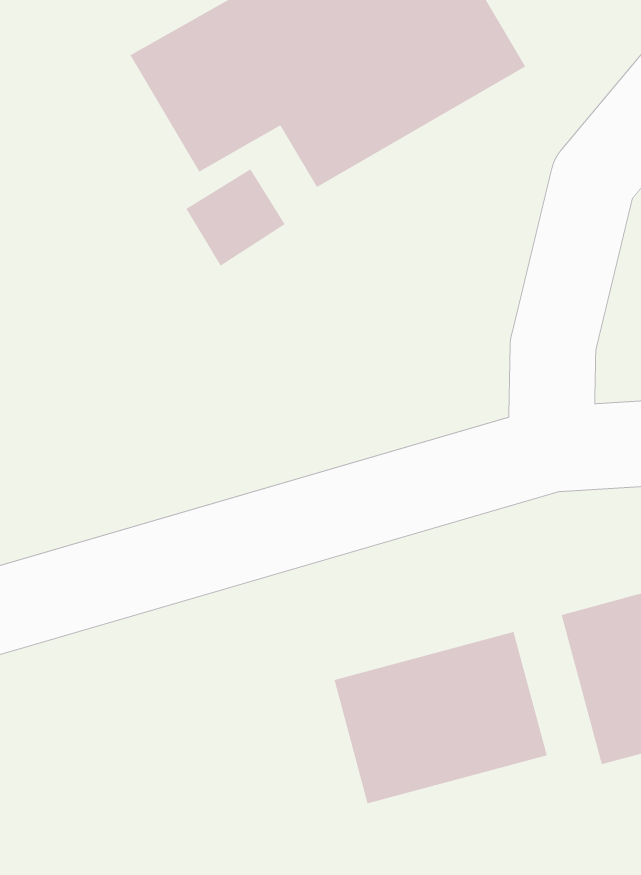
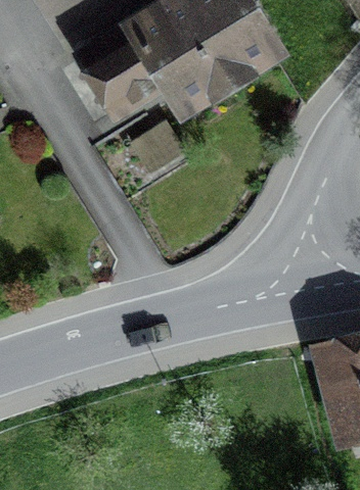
building: [334,631,548,804] -> none

